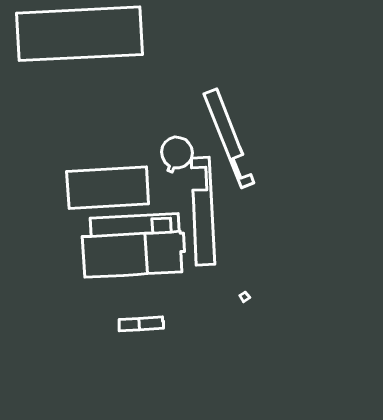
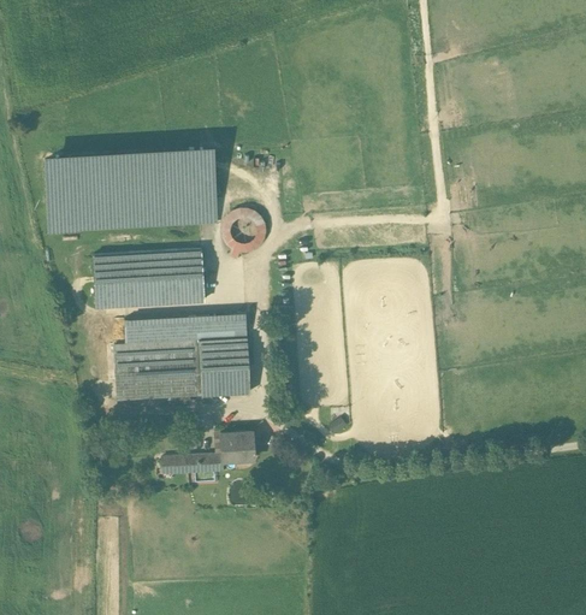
building: [16,7,142,61] -> [45,153,217,226]
building: [204,89,254,188] -> none
building: [192,157,215,265] -> none
building: none -> [223,432,255,461]

